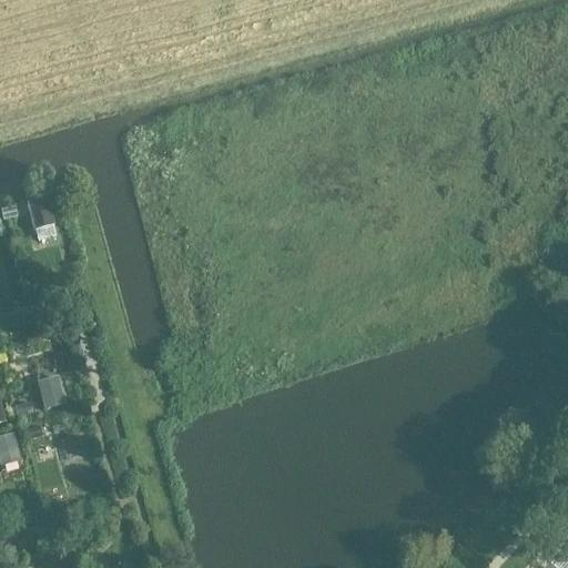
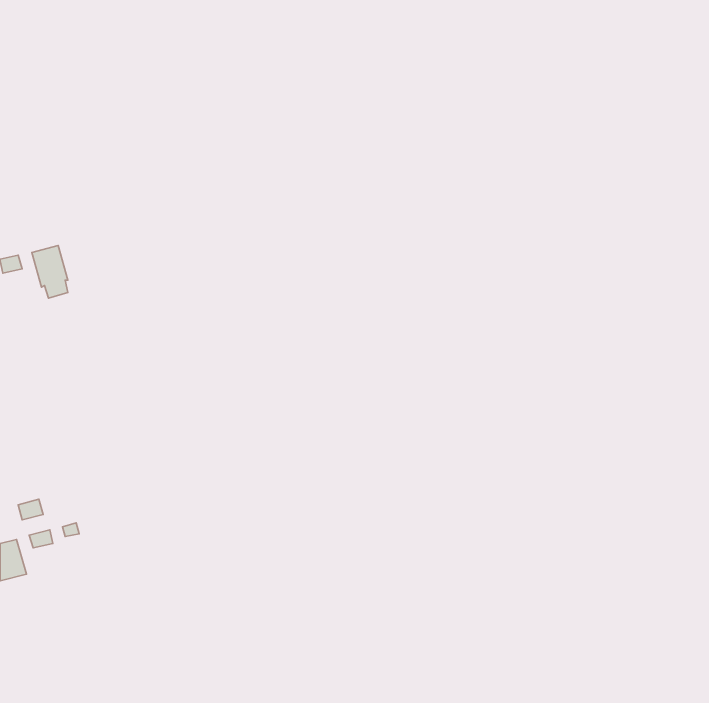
building: [36,374,65,408] -> none

